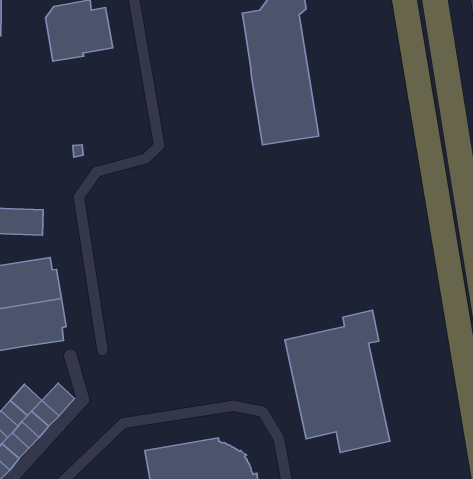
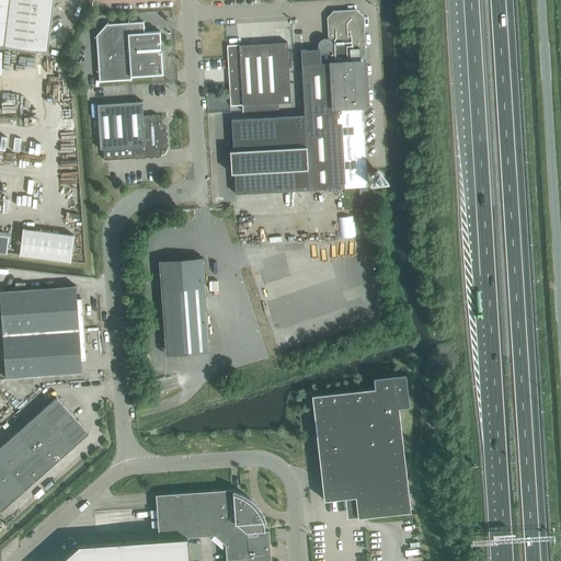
building: none -> [227,43,290,112]
building: none -> [229,115,308,195]
building: none -> [96,102,167,160]
building: none -> [158,257,209,351]
building: none -> [36,399,71,434]

